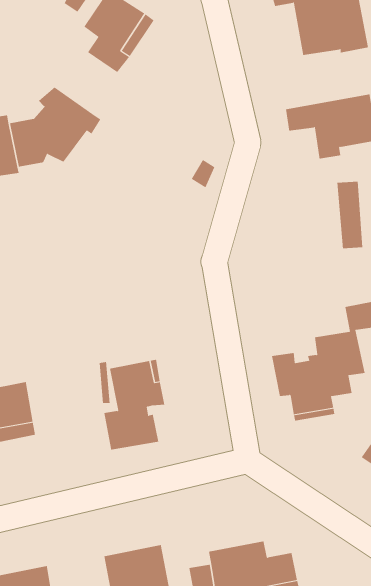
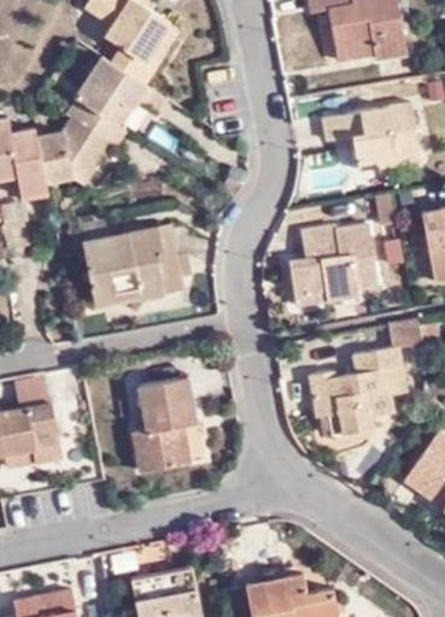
building: none -> [78,55,168,124]
building: none -> [82,224,182,300]
building: none -> [283,225,376,310]

